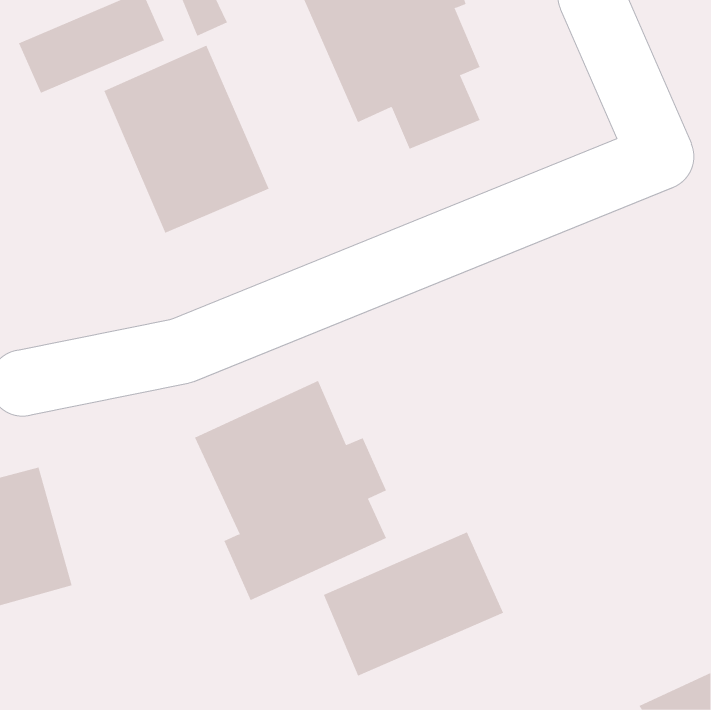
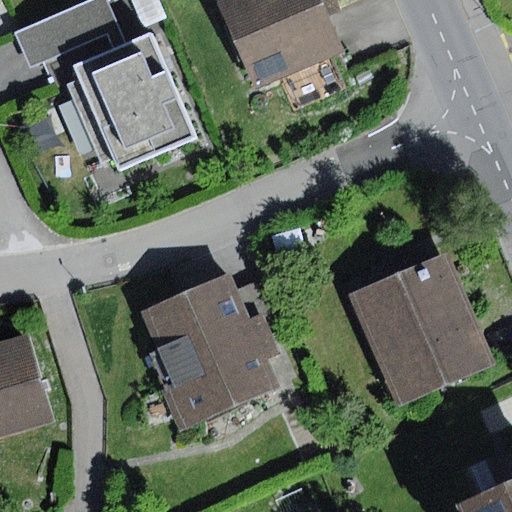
building: none -> [347,250,496,406]
building: [323,531,504,676] -> none

